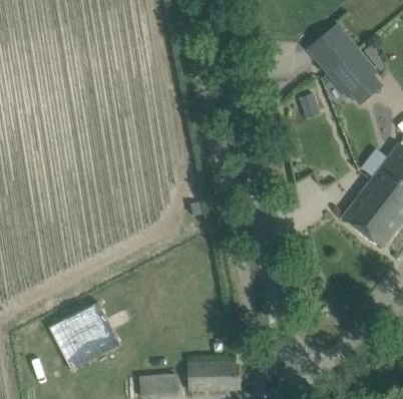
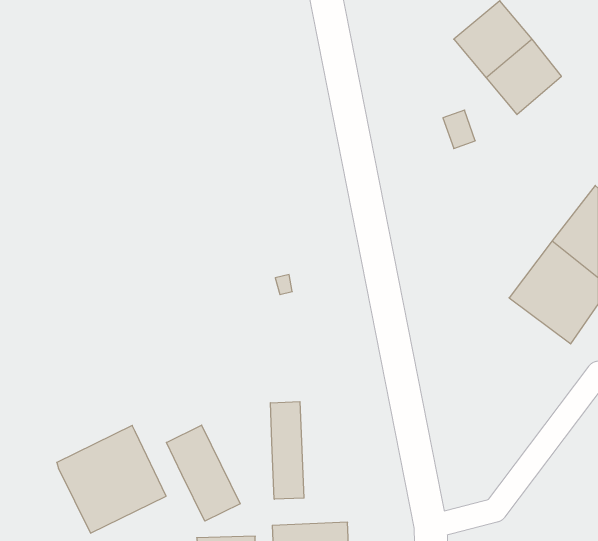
building: none -> [270,402,304,499]
building: none -> [166,425,240,521]

